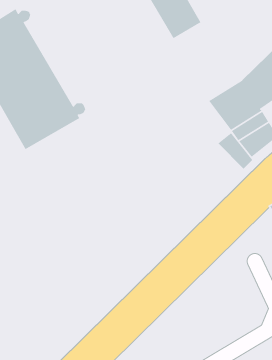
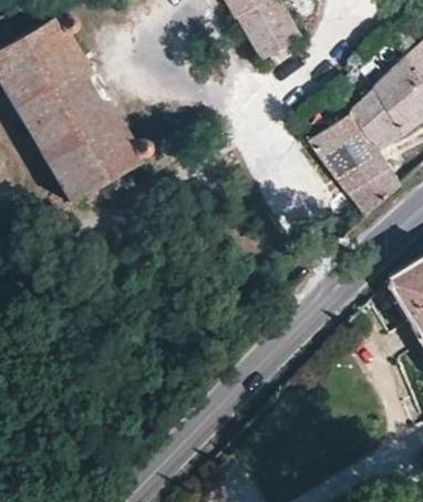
building: [218,132,253,170] -> none

